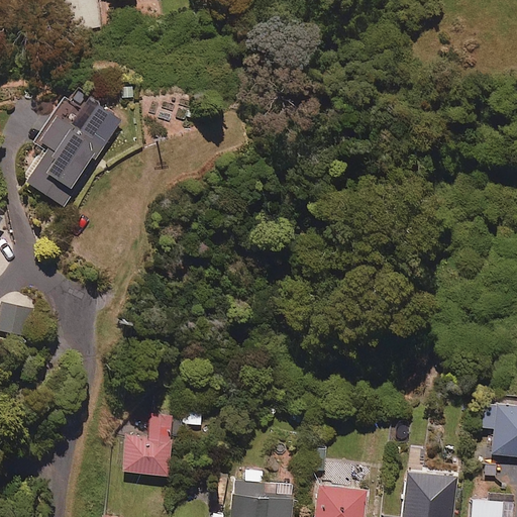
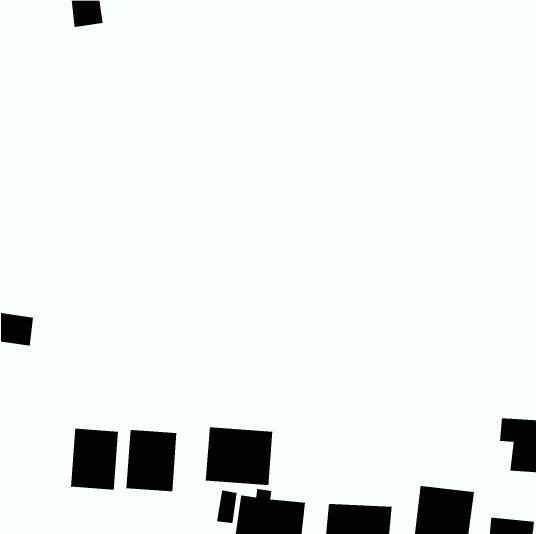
building: [26,84,122,205] -> none
building: none -> [205,427,273,486]
building: none -> [71,428,118,490]

